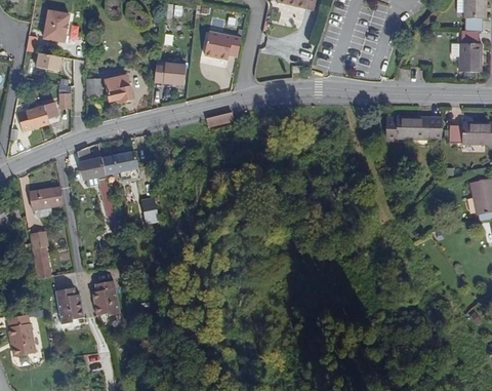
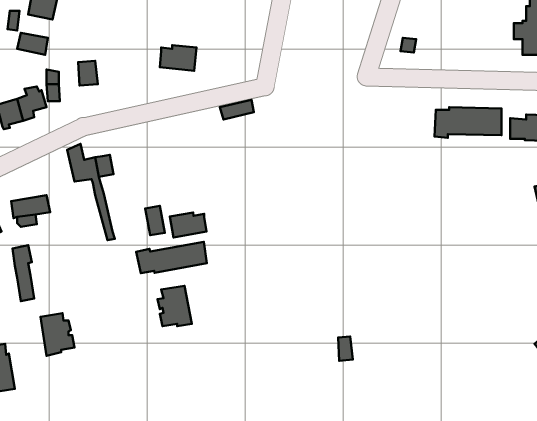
building: [205,30,242,57] -> none
building: [105,76,131,101] -> none
building: [113,151,138,171] -> none
building: none -> [170,212,206,237]
building: none -> [136,242,207,273]
building: [90,281,119,315] -> [158,286,192,326]

